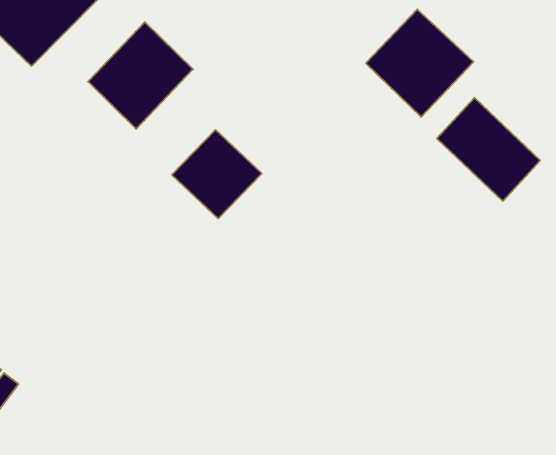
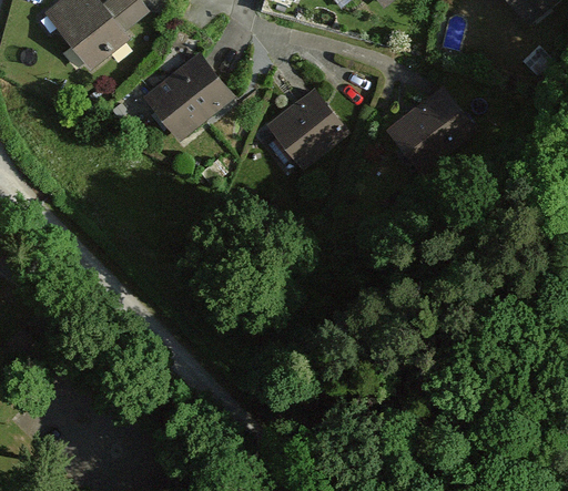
building: [437,98,540,201] -> none
building: [172,130,262,218] -> [263,78,342,155]

